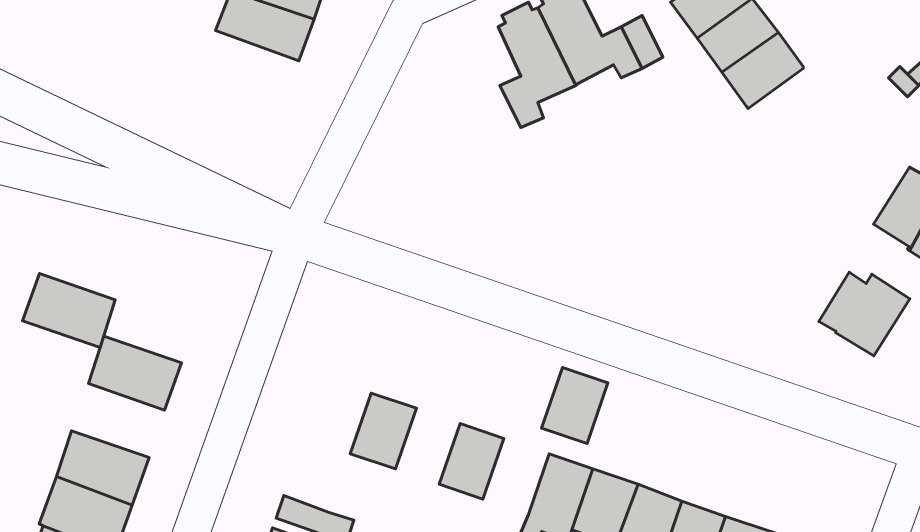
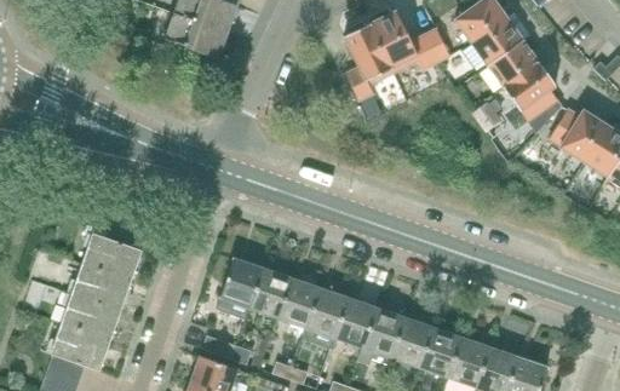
building: none -> [504,62,557,121]
building: [819,272,910,356] -> [549,108,607,161]
building: [22,273,115,347] -> [71,263,131,310]
building: [542,368,608,443] -> [334,298,377,346]
building: none -> [216,258,263,318]
building: none -> [279,278,320,327]

